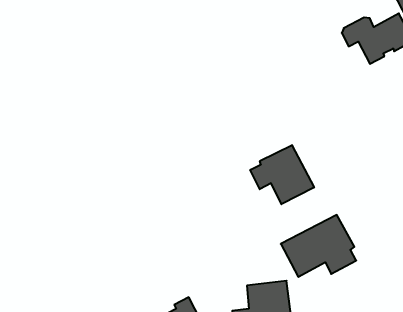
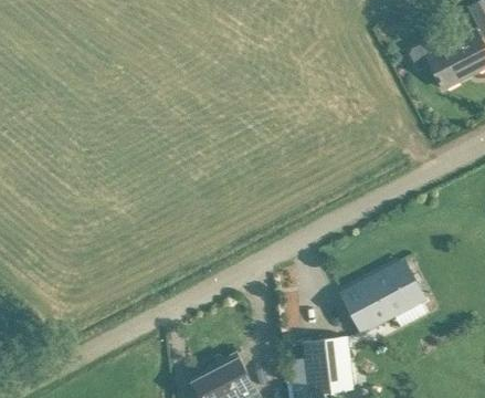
building: [250,145,314,204] -> none

